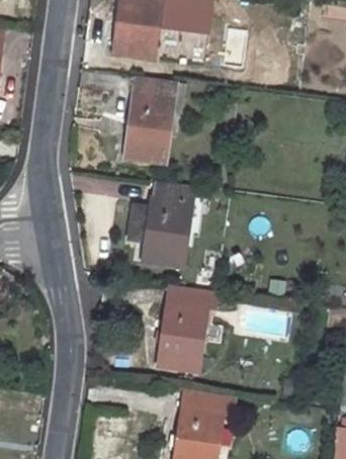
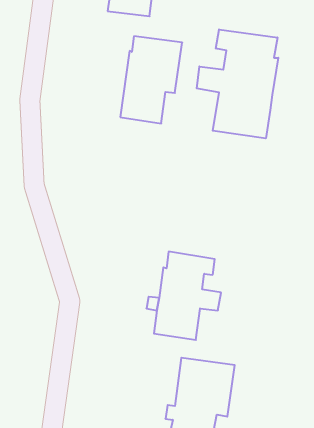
building: none -> [197,29,278,138]
building: [127,183,203,267] -> none

